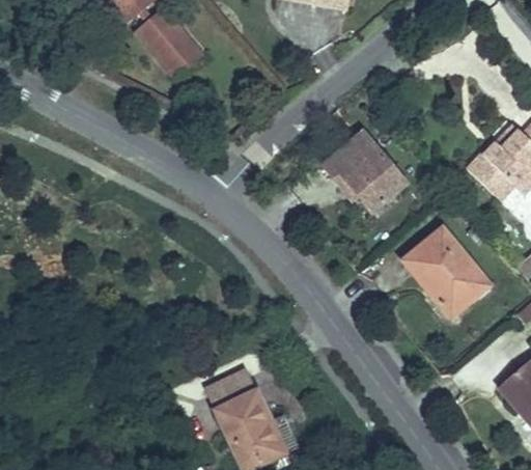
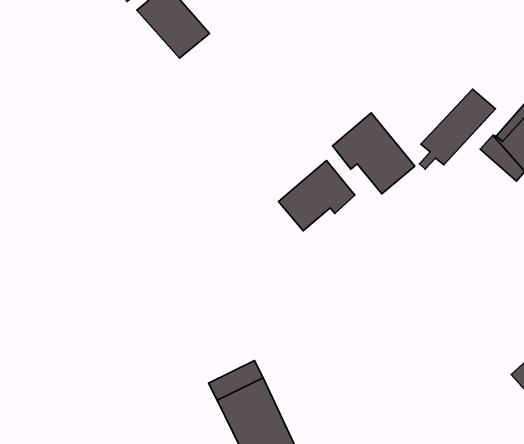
building: none -> [420,89,496,169]
building: none -> [278,160,355,231]
building: [406,227,490,314] -> none

